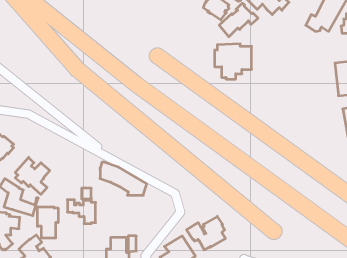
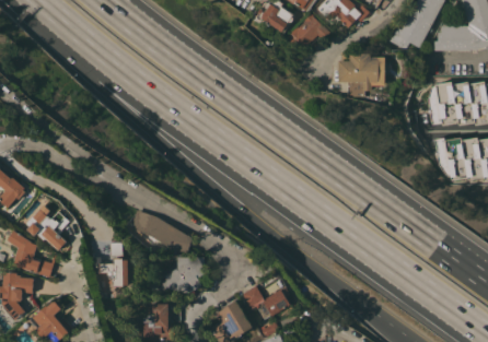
building: [215,44,252,79] -> [338,54,384,97]
building: none -> [162,257,206,293]
building: [37,207,58,238] -> none

